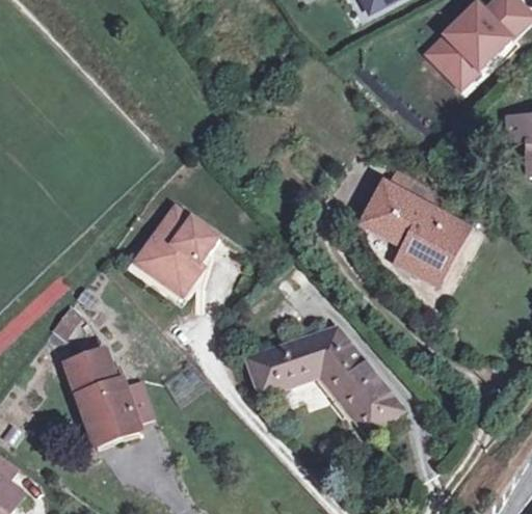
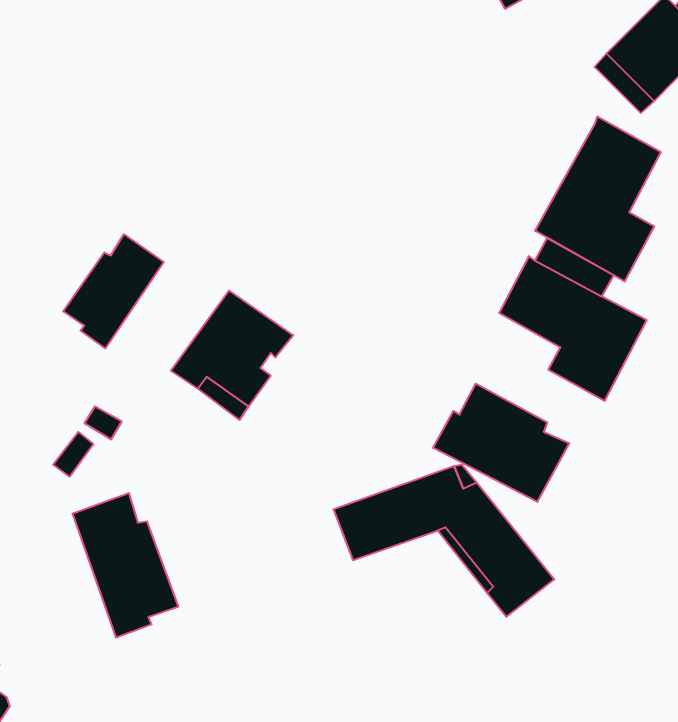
building: none -> [535,116,661,282]
building: none -> [63,234,164,348]
building: none -> [433,384,569,502]

